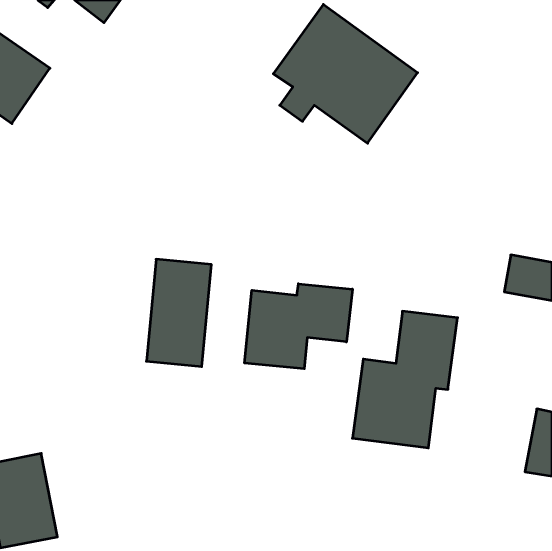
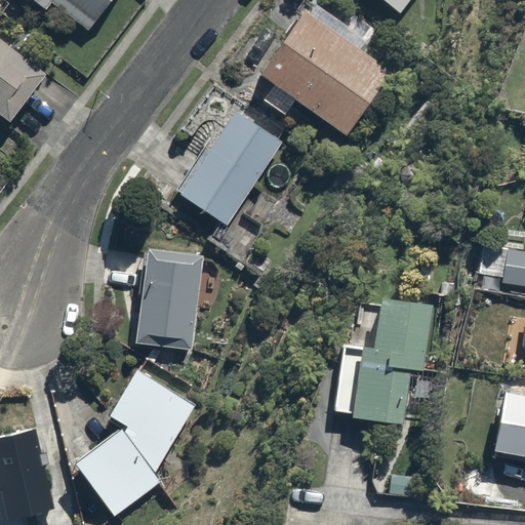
building: none -> [174,112,281,257]
building: [245,284,352,369] -> none
building: none -> [76,367,197,515]

